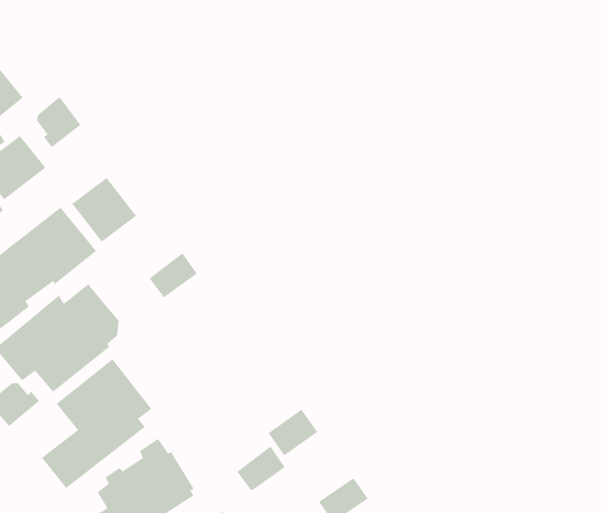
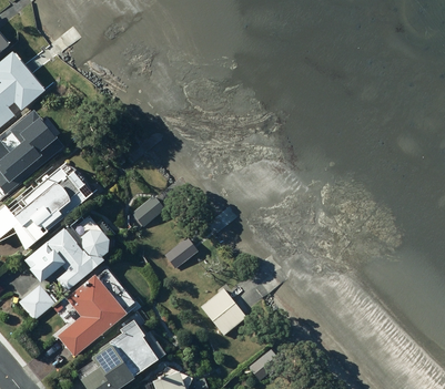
building: [37,96,81,148] -> none
building: [71,177,137,243] -> none
building: none -> [162,237,195,267]
building: [237,446,285,492] -> [200,287,233,318]

